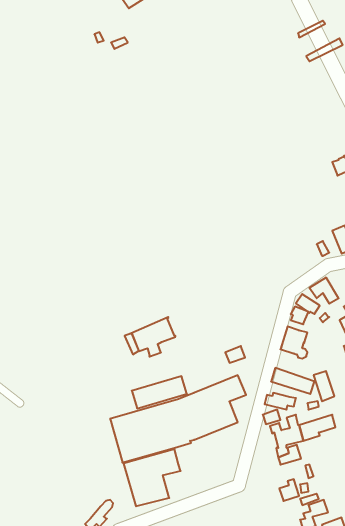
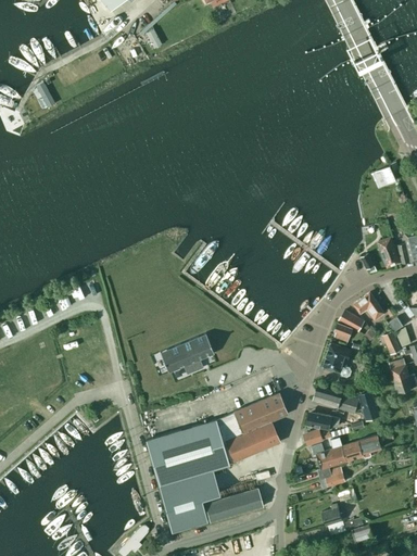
building: [132,376,187,408] -> [204,490,262,523]

